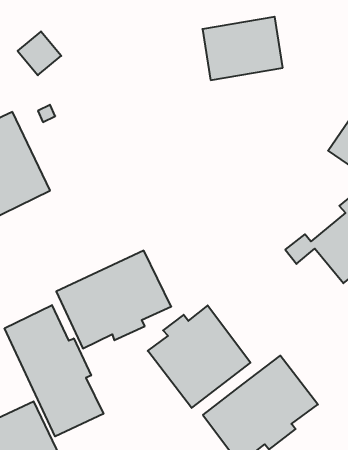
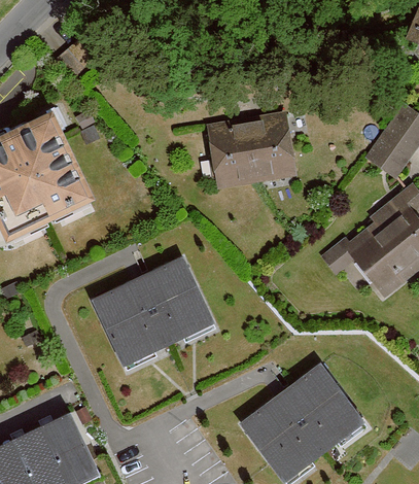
building: [202,17,283,80] -> [212,118,293,182]
building: [5,305,103,436] -> none
building: [148,305,250,408] -> none

